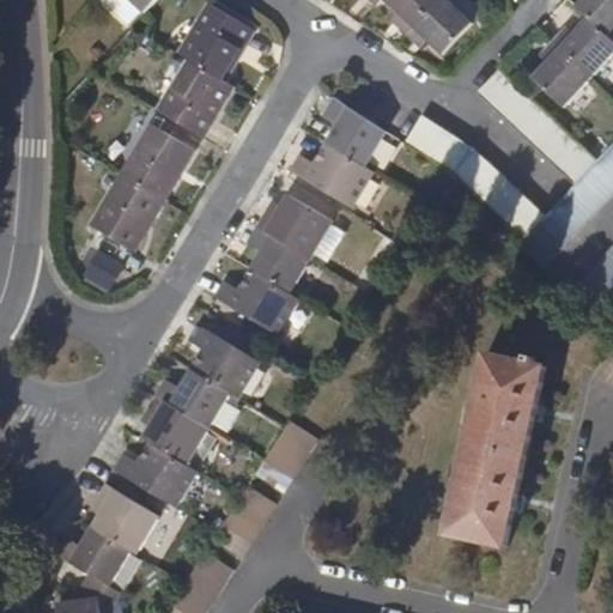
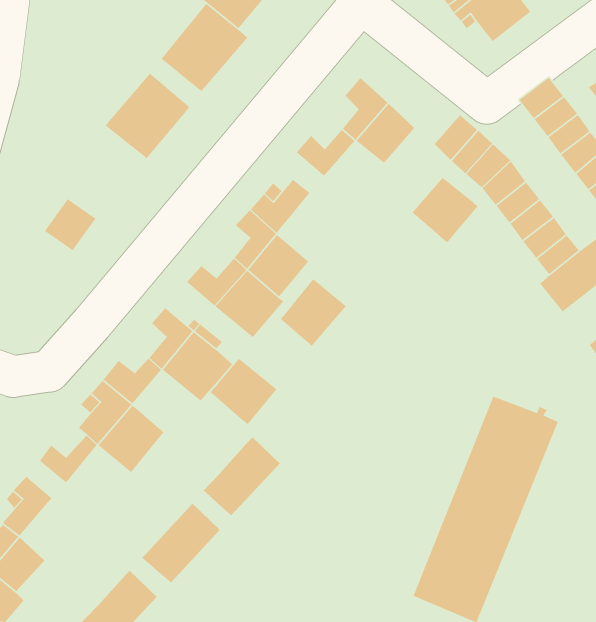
building: [315,153,371,210] -> [411,177,479,244]
building: [92,175,162,248] -> none
building: [283,204,338,262] -> [280,278,347,347]
building: [183,375,241,431] -> [209,358,278,425]
building: [138,448,198,509] -> none
building: [105,499,157,554] -> none

